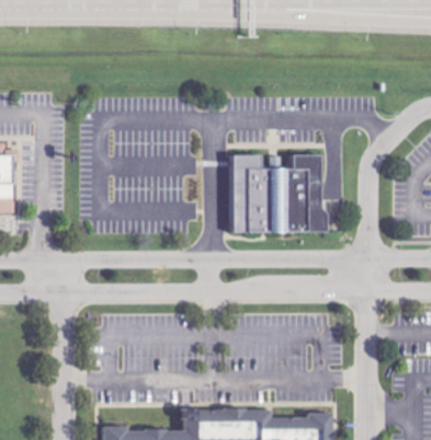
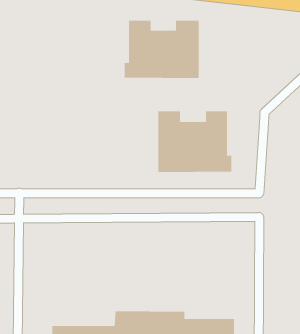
building: none -> [124,20,199,79]

